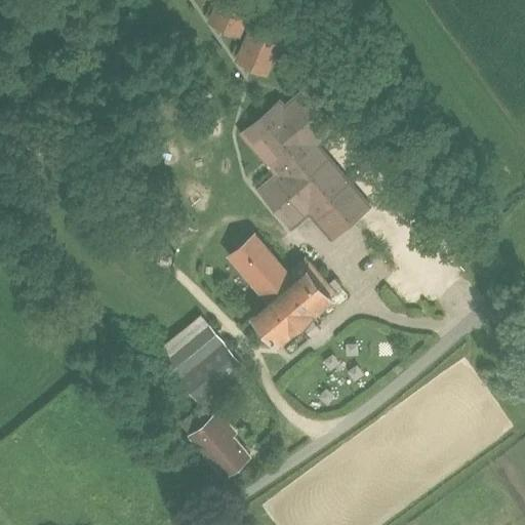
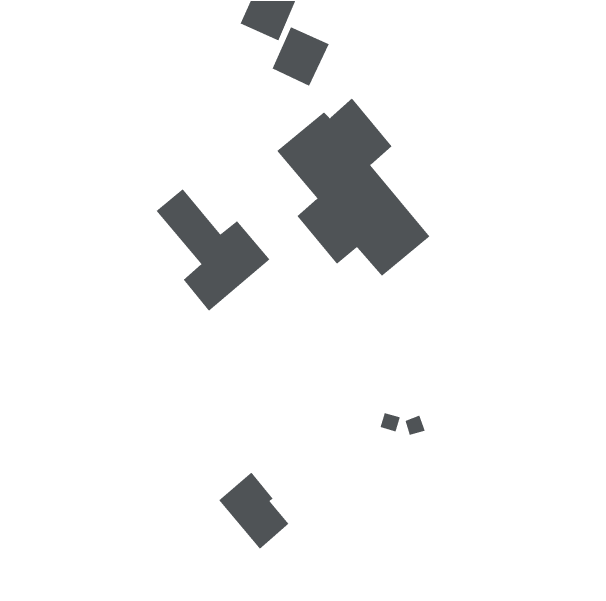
building: [231,238,330,345] -> [155,188,270,312]
building: [161,317,245,407] -> none

